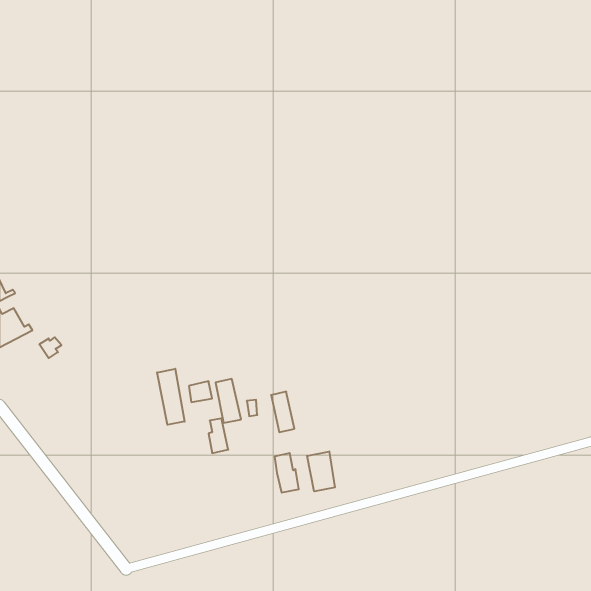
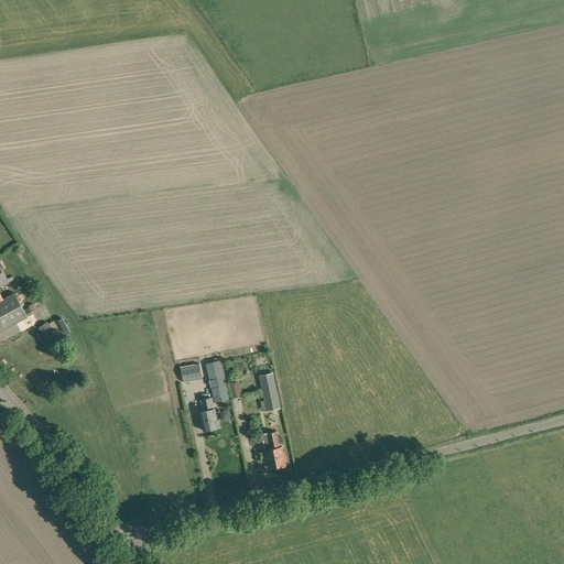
building: [157,369,185,425] -> none
building: [307,451,335,491] -> none

